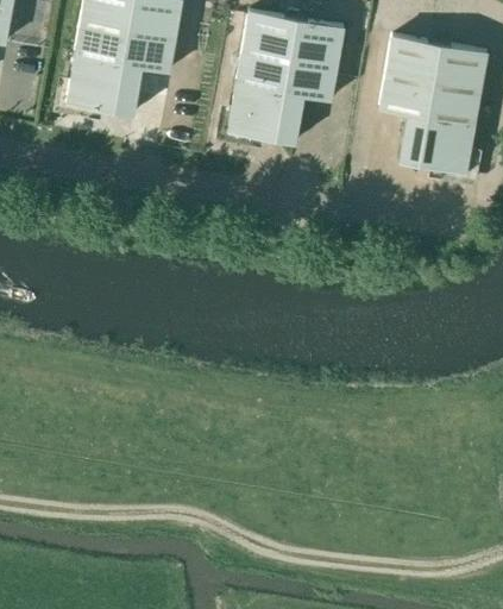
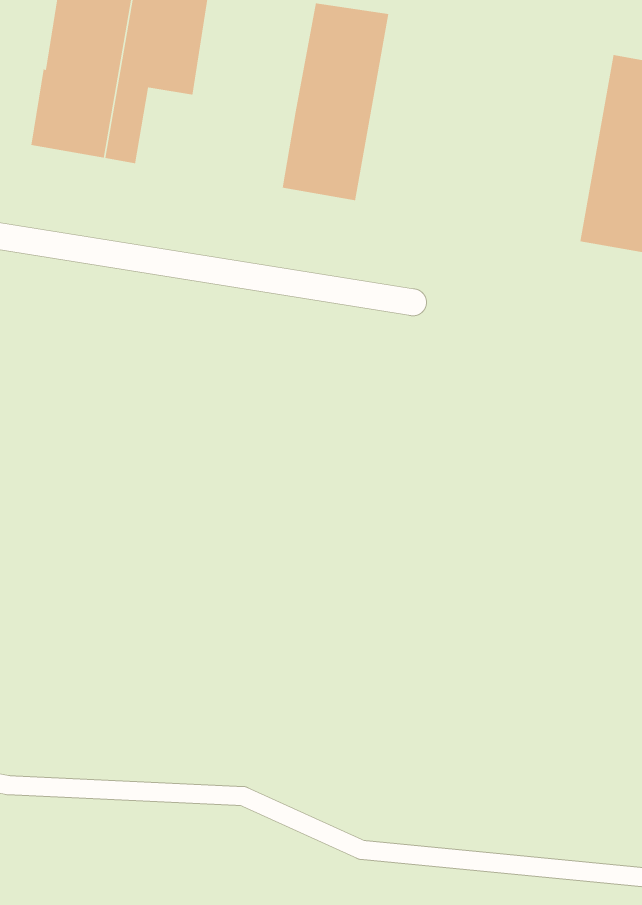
building: [275,18,344,142] -> none
building: [379,34,440,164] -> none

